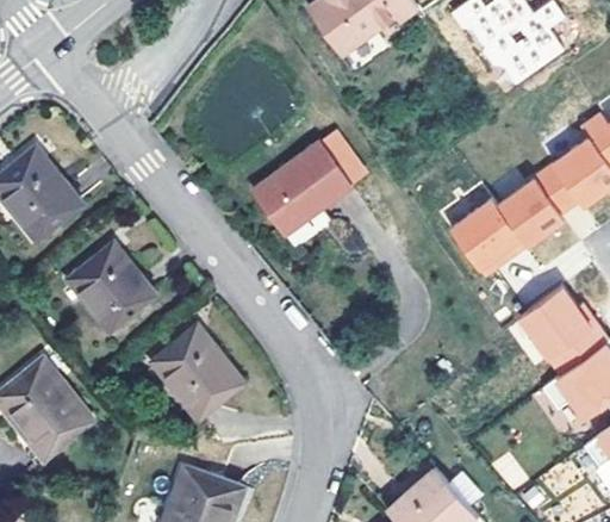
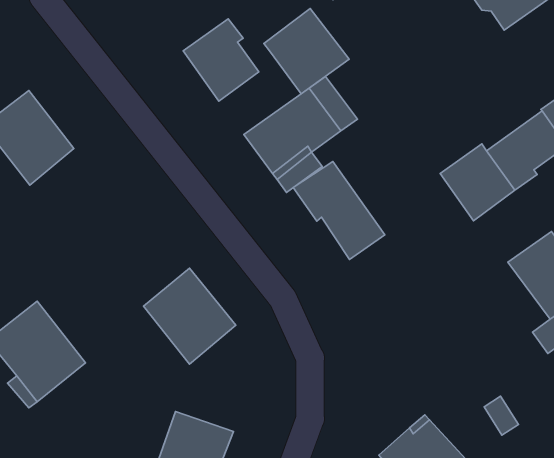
building: none -> [264,9,349,94]
building: none -> [183,19,259,101]
building: none -> [293,161,385,259]
building: [66,241,155,331] -> none

